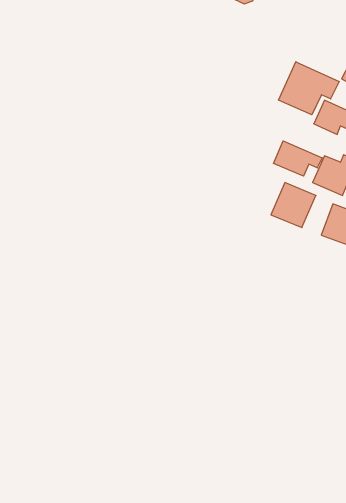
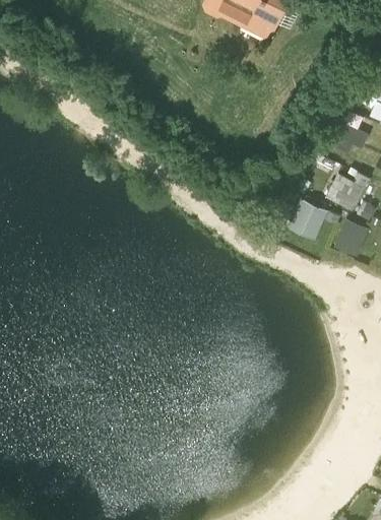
building: [279,62,339,115] -> none
building: [273,141,322,176] -> none

